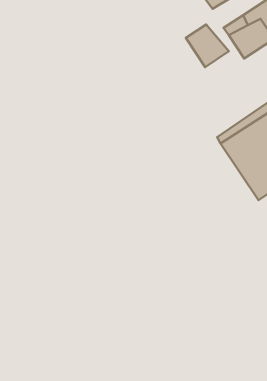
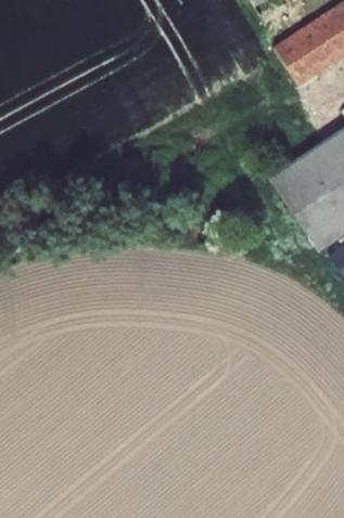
building: [186,25,229,67] -> none

